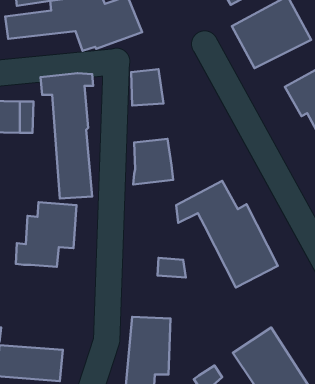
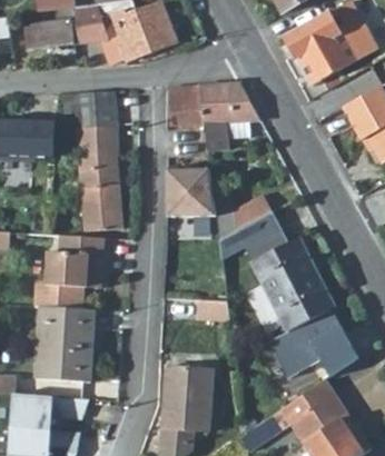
building: none -> [198,80,259,151]
building: none -> [213,191,270,239]
building: none -> [39,307,101,384]
building: none -> [268,308,358,376]

